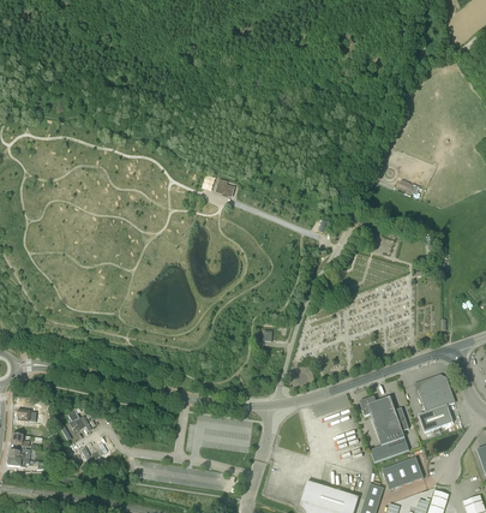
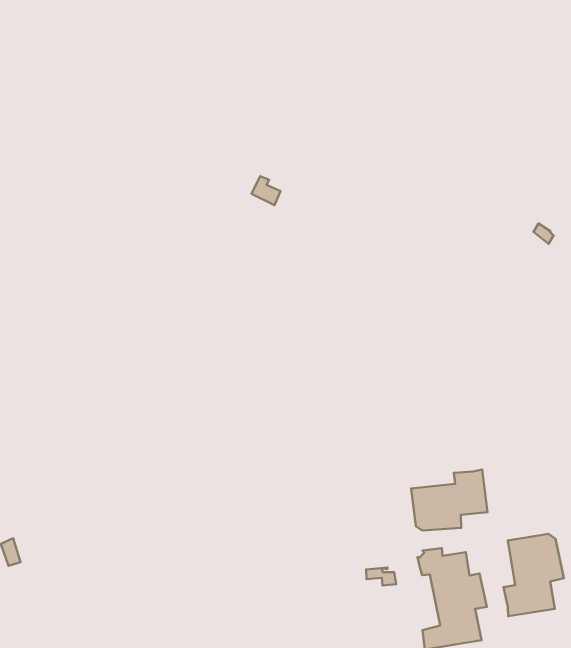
building: none -> [411,469,488,531]

